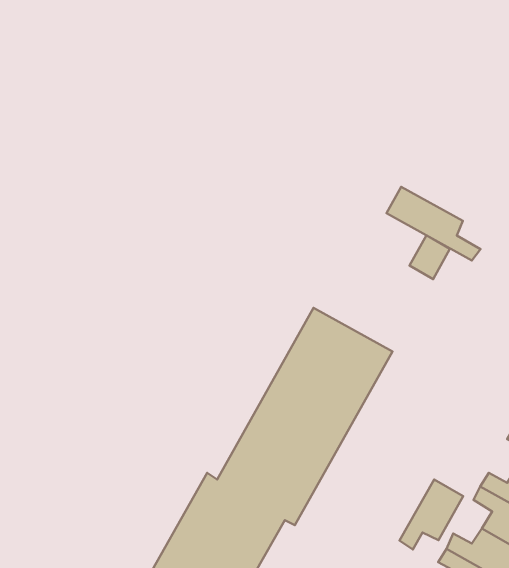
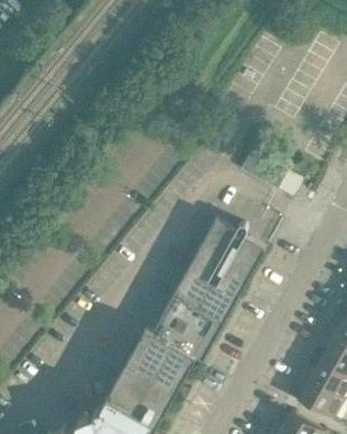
building: [386,187,481,261] -> none
building: [400,479,463,549] -> none

